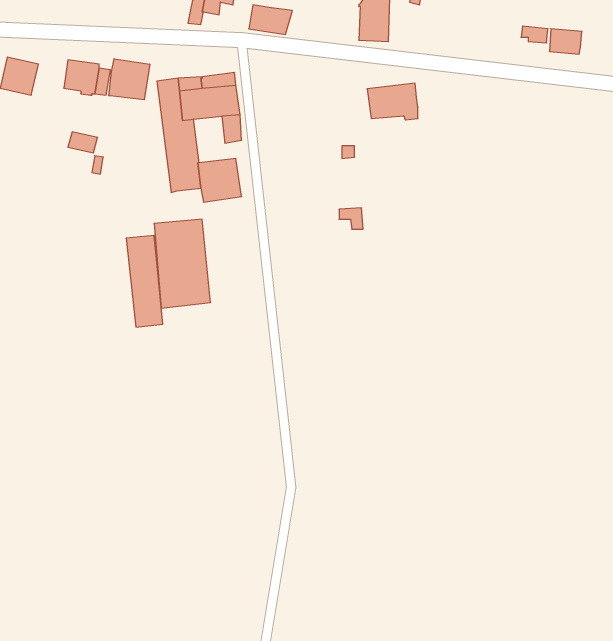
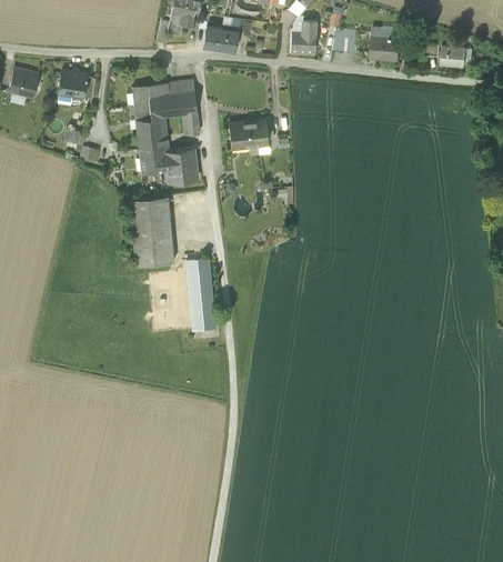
building: none -> [333,29,359,53]
building: none -> [370,34,401,60]
building: [109,59,150,100] -> none
building: [367,83,418,120] -> [229,119,269,148]
building: [126,235,163,327] -> [187,258,215,330]

